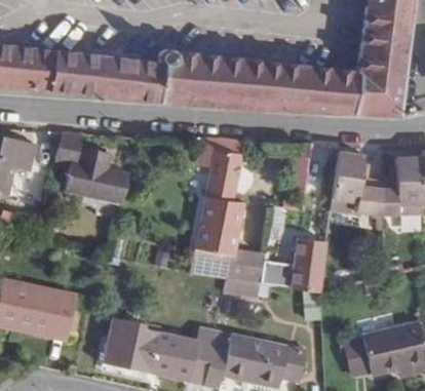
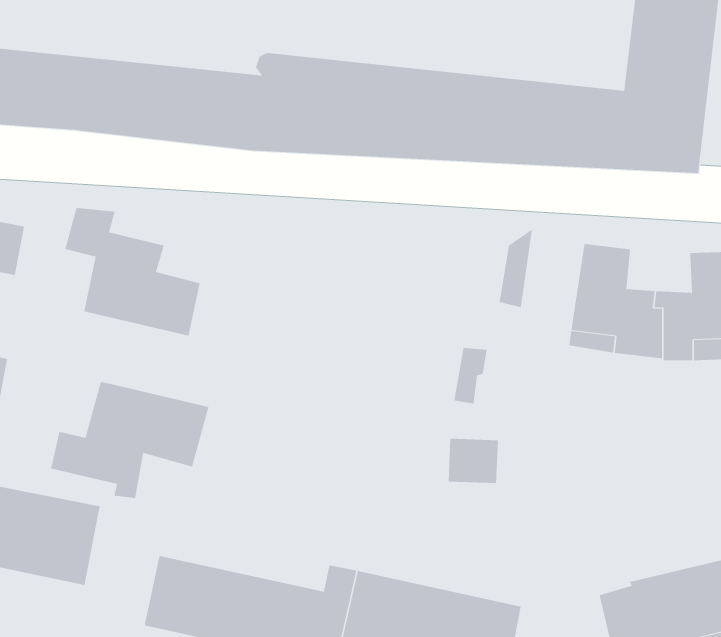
building: [191,139,265,284] -> none
building: none -> [50,381,209,499]
building: [292,240,326,292] -> none

